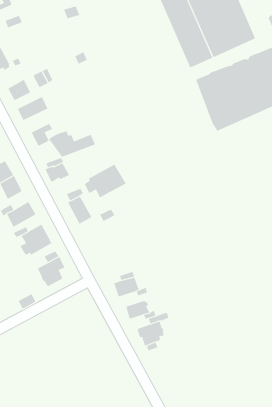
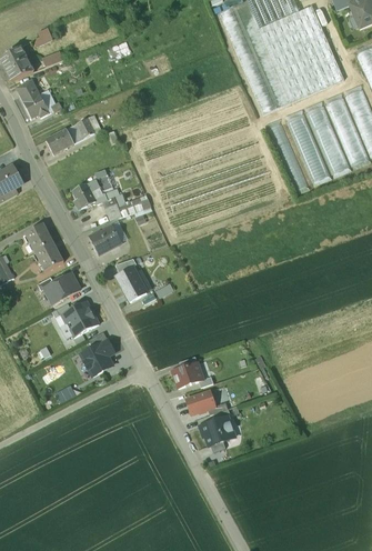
building: [17,96,48,121] -> none
building: [84,164,126,198] -> none

